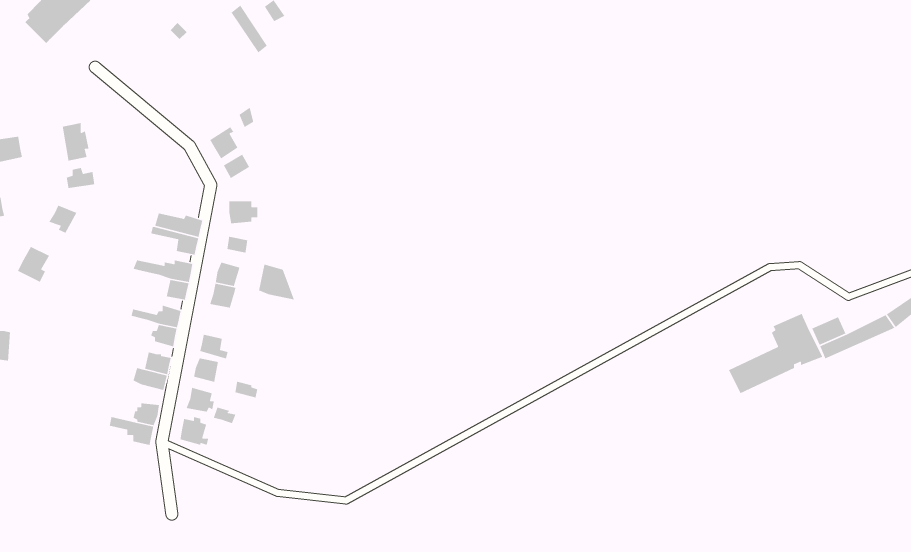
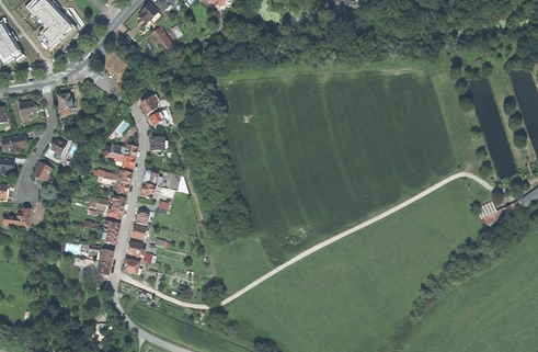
building: [728,313,824,394] -> none

